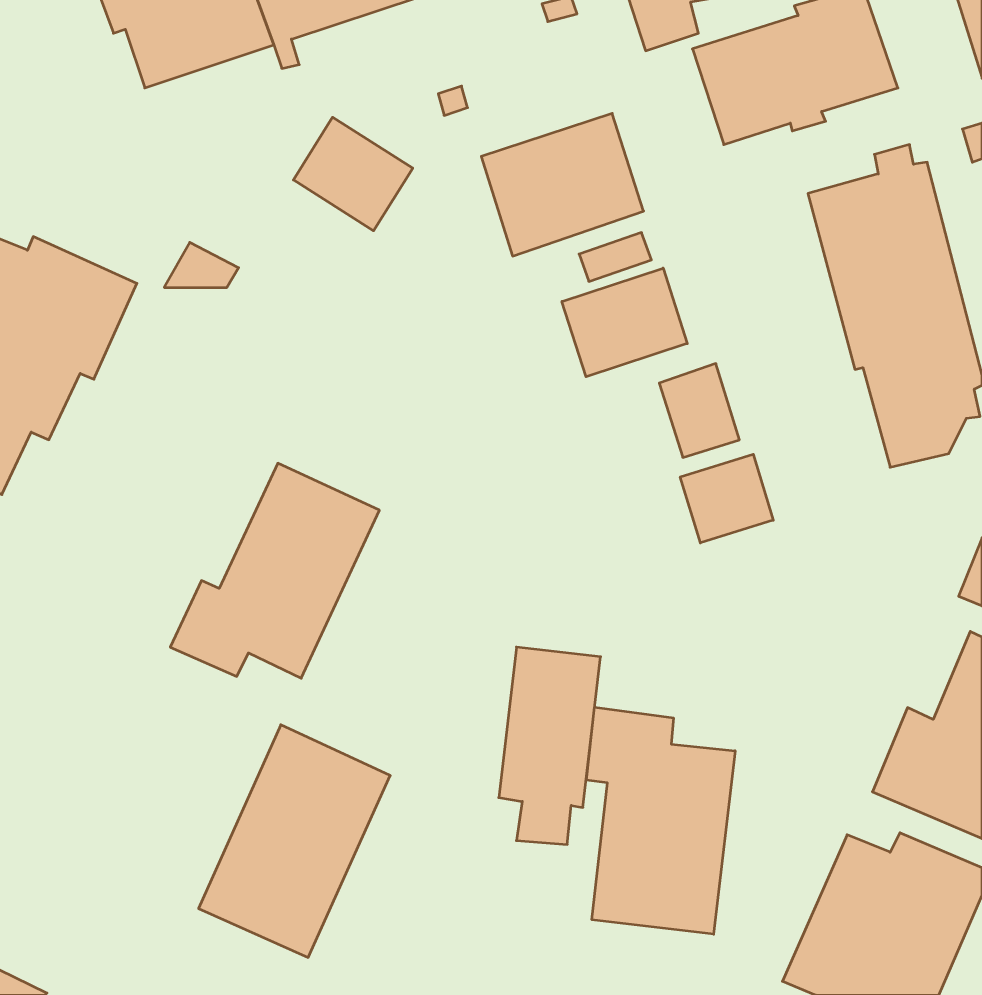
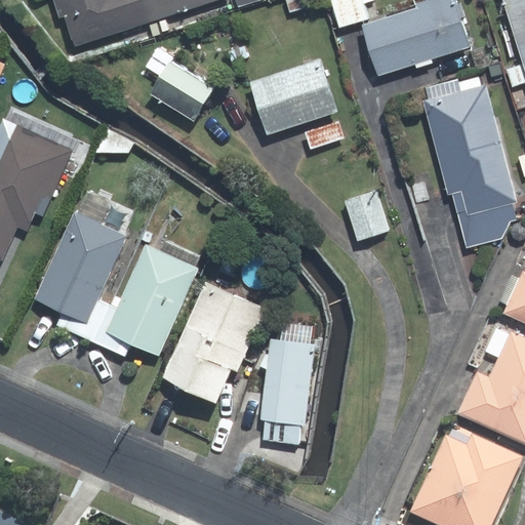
building: [562,268,687,377] -> none
building: none -> [34,210,127,339]
building: [680,454,773,543] -> none
building: [586,707,735,934] -> none
building: [199,725,390,957] -> [164,281,265,403]

